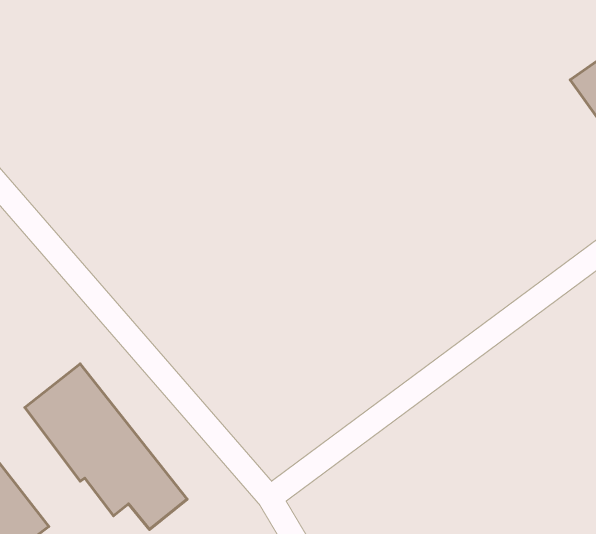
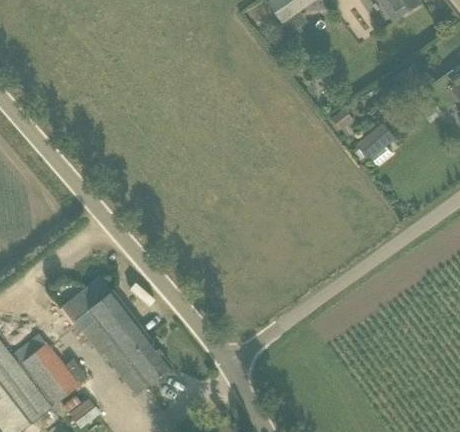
building: none -> [358,120,399,159]

